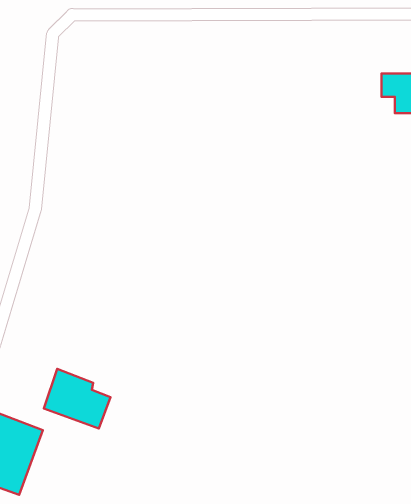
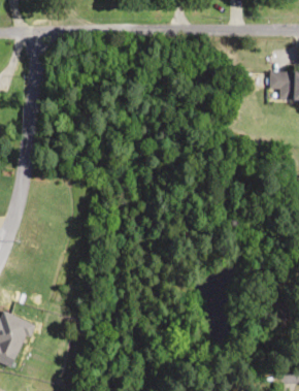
building: [44,369,110,428] -> none

